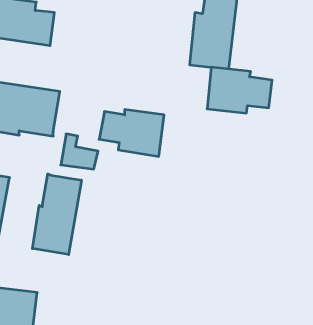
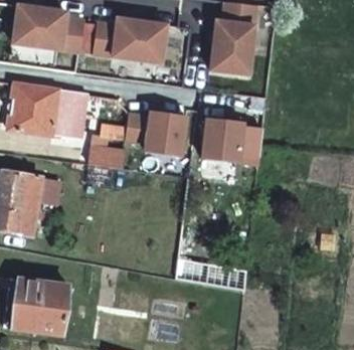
building: none -> [95,17,166,62]
building: [207,67,272,113] -> [202,119,263,162]
building: [32,174,81,255] -> none

